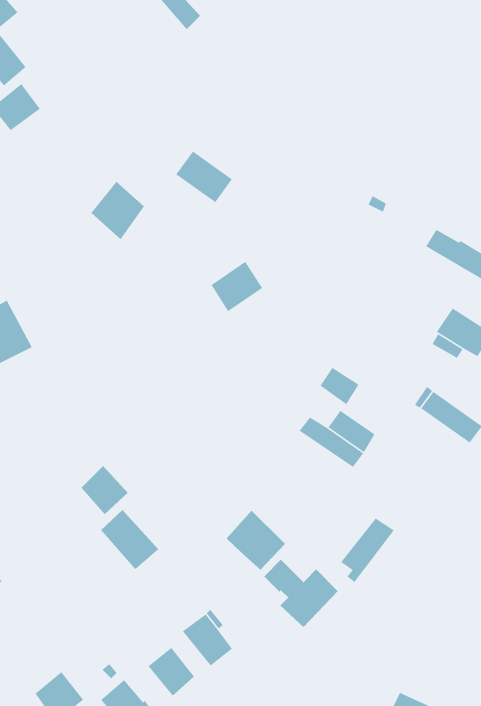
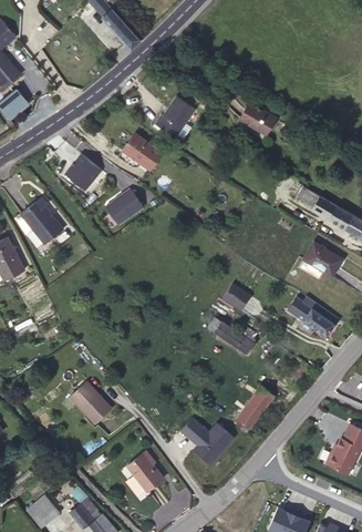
building: none -> [154,96,195,139]
building: none -> [239,102,276,134]
building: none -> [19,196,62,244]
building: [210,261,263,312] -> [105,193,142,228]
building: [81,465,129,515] -> none
building: [226,510,286,571] -> none
building: [147,647,195,697] -> none

